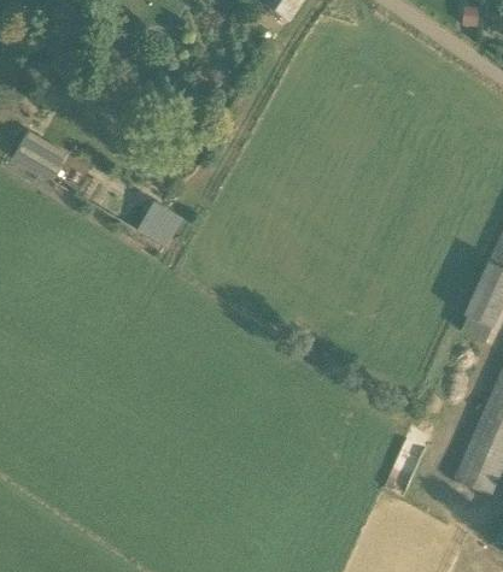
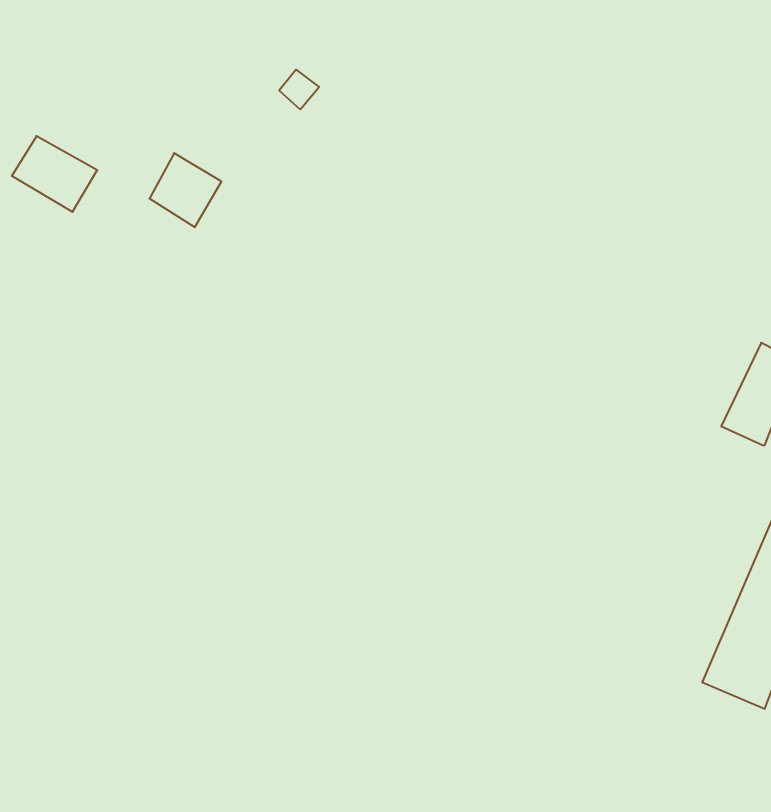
building: [139,199,185,246] -> [149,153,221,227]

